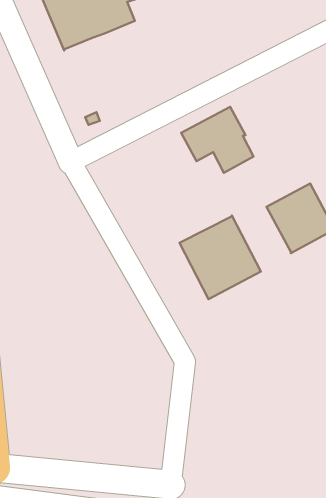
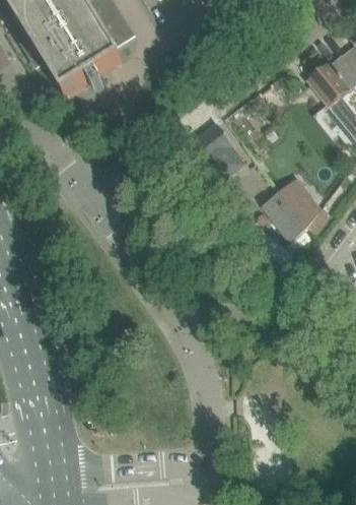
building: [180,215,261,299] -> none

